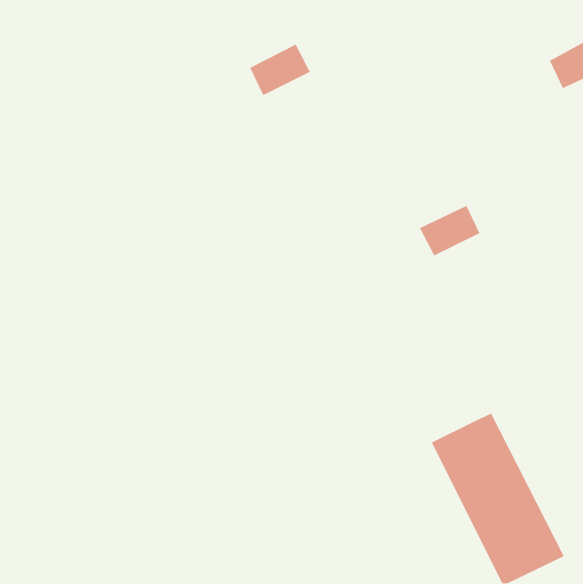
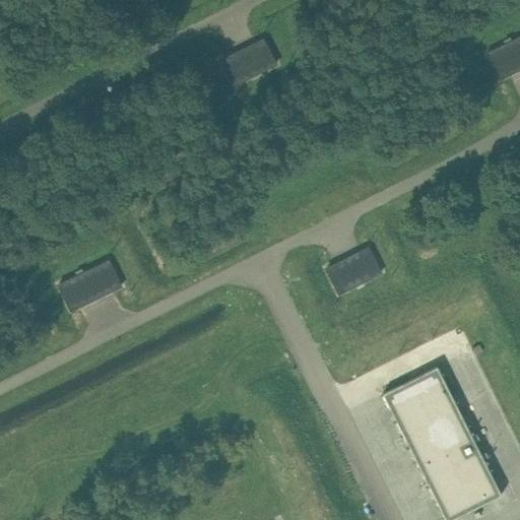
building: [419,205,481,256] -> [327,248,382,294]
building: none -> [60,260,122,311]

